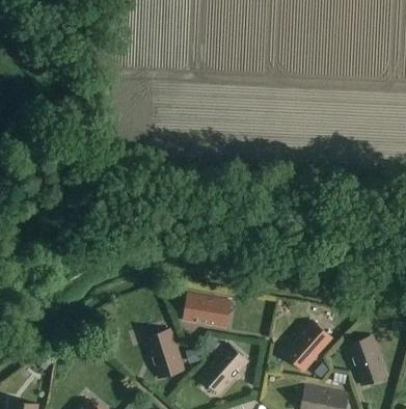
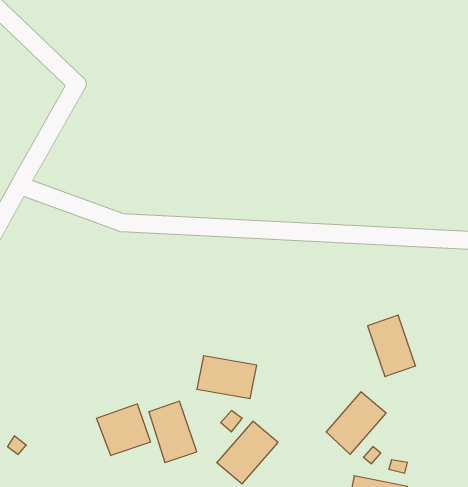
building: none -> [96,404,150,456]
building: [349,336,386,384] -> [368,315,416,377]

